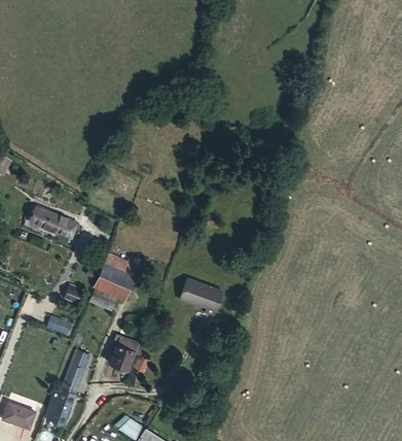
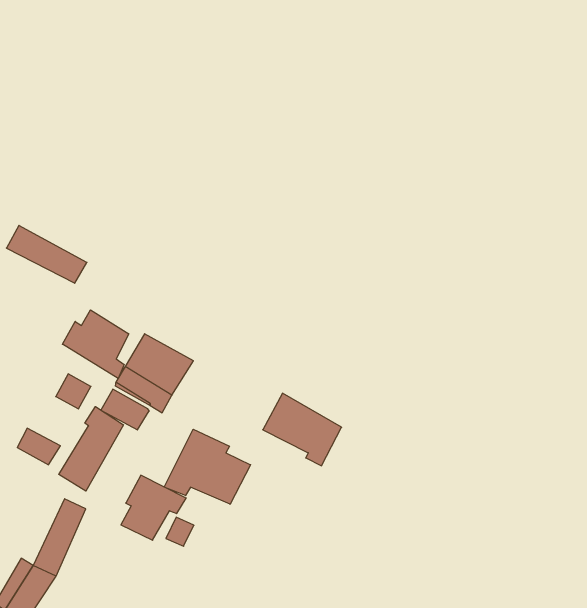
building: none -> [62,310,129,378]
building: none -> [59,407,123,491]
building: none -> [164,429,251,504]

